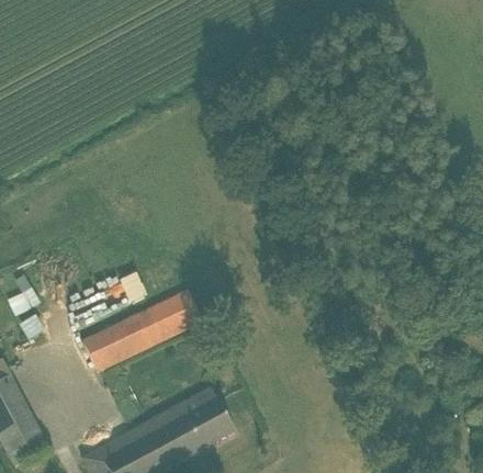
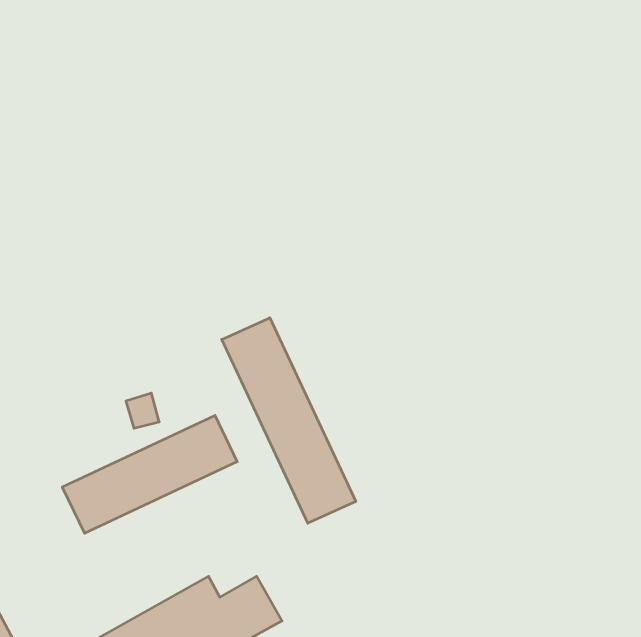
building: none -> [222,318,356,523]

